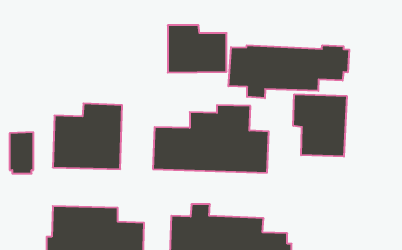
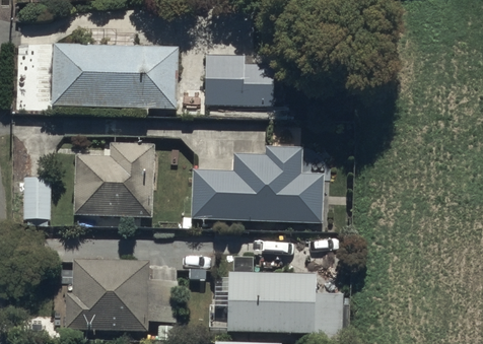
building: none -> [52,46,178,108]
building: [228,45,349,98] -> none
building: [293,94,347,157] -> none

